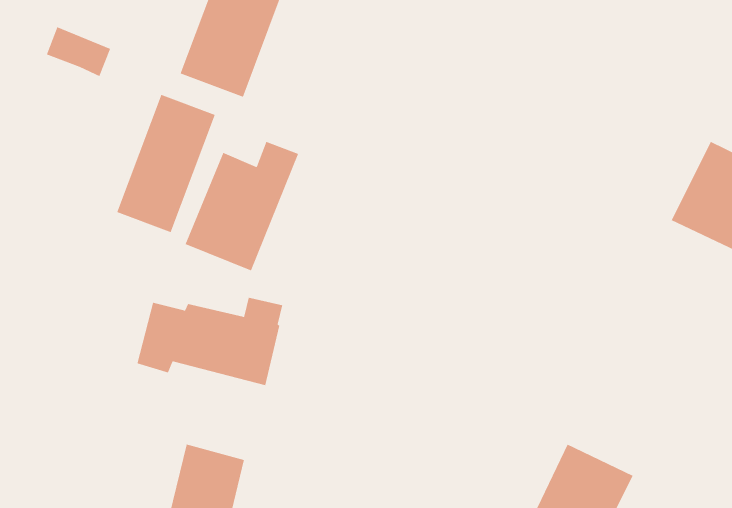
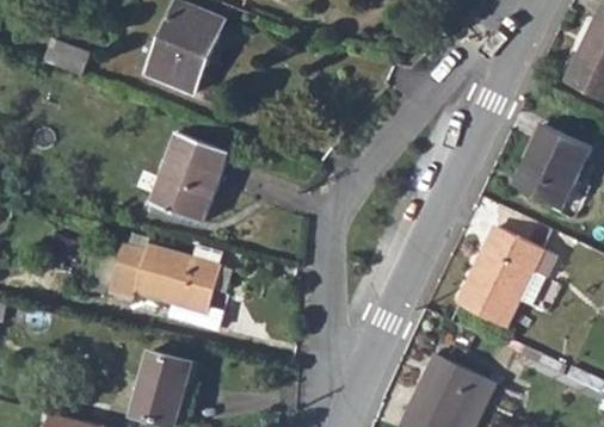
building: [116,94,216,233] -> none
building: none -> [457,224,553,323]

